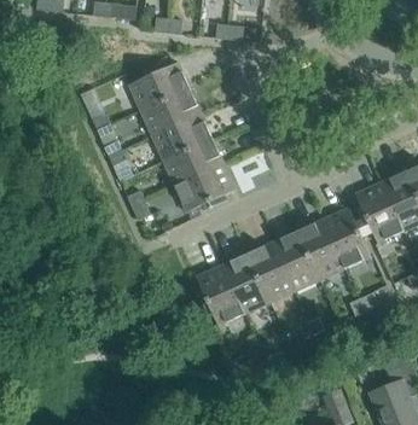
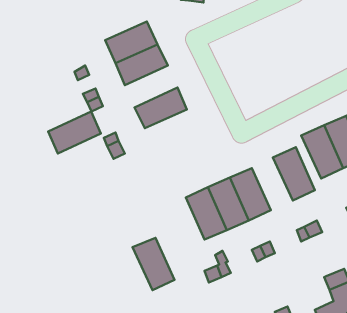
building: [151,112,211,161] -> [48,112,101,154]
building: [174,163,234,211] -> none
building: [297,219,344,292] -> none
building: [195,264,243,325] -> [132,238,174,290]

